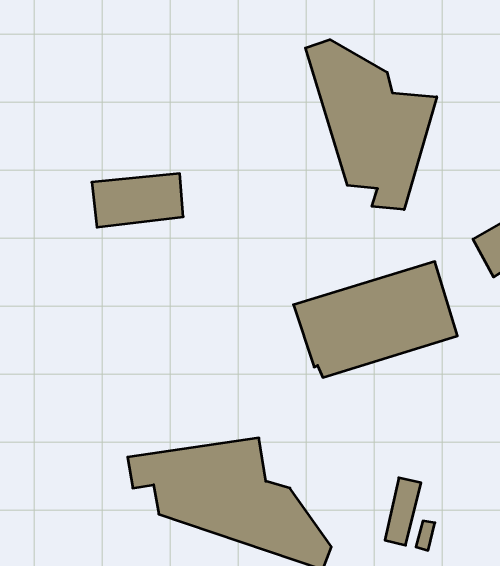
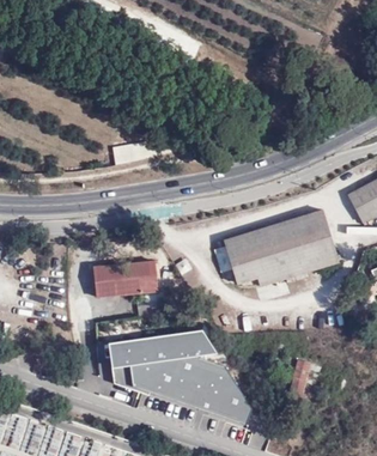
building: [305,40,437,210] -> none
building: [92,174,183,227] -> [93,260,157,297]

